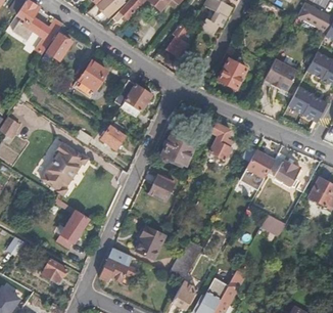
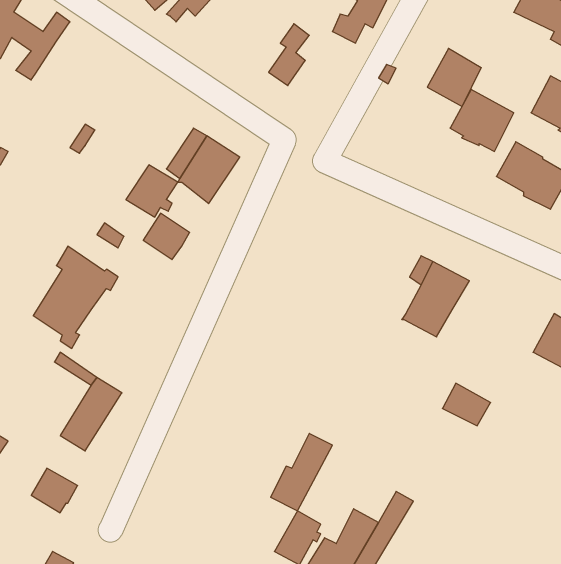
building: [44,33,72,60] -> none
building: [218,57,246,88] -> [427,48,481,106]
building: [79,61,106,89] -> [126,165,178,217]
building: [207,122,229,160] -> none
building: [161,136,193,166] -> none
building: [265,152,299,187] -> none
building: [148,175,174,202] -> none
building: [136,226,164,259] -> none
building: [98,247,136,281] -> none

